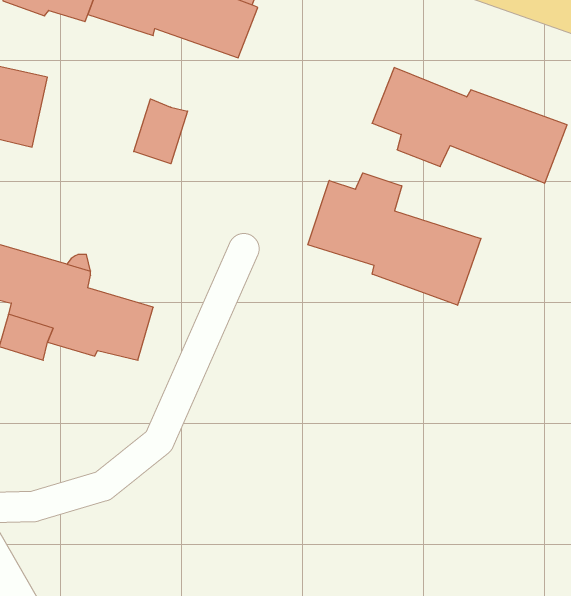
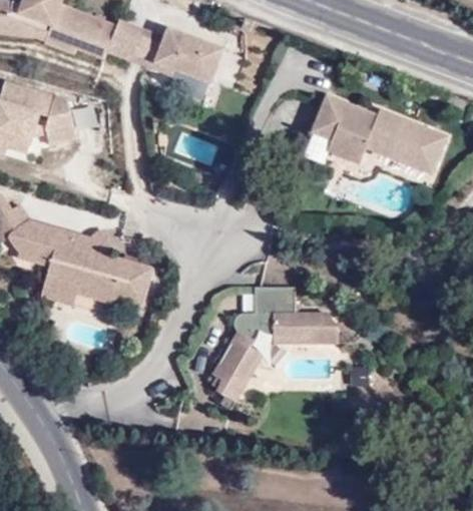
building: [134,99,188,164] -> none
building: [308,173,481,305] -> none
building: none -> [211,288,339,413]

